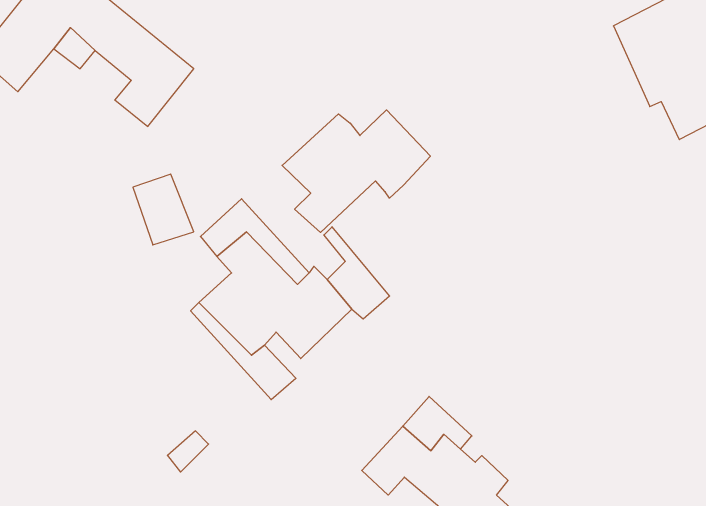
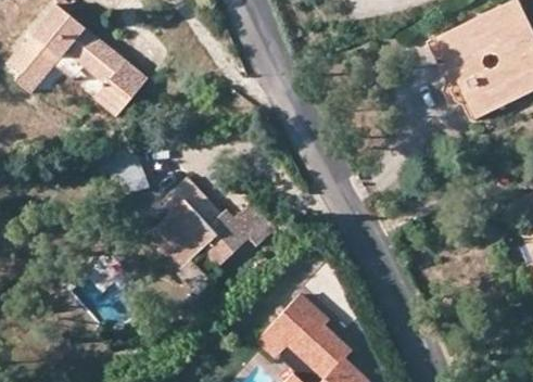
building: [282,110,430,232] -> none

